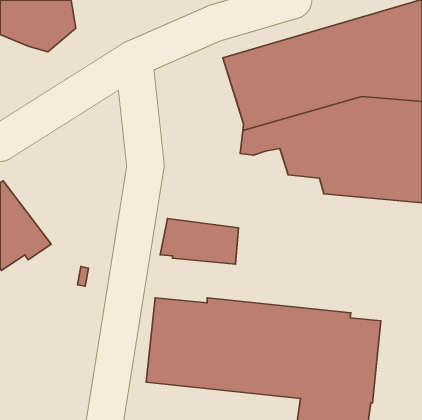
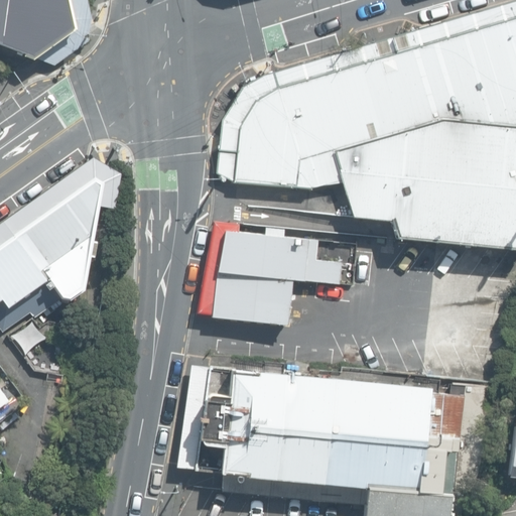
building: none -> [216,73,297,189]
building: none -> [4,159,121,300]
building: none -> [205,223,341,284]

